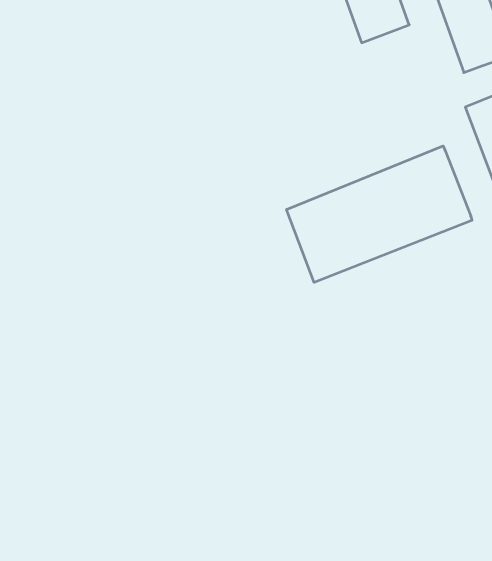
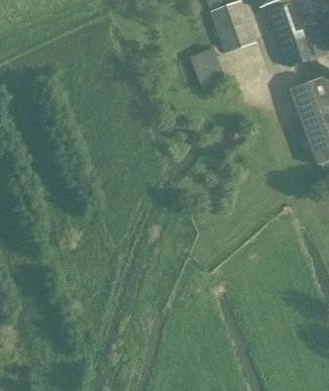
building: none -> [190,45,226,87]
building: [287,146,472,282] -> none

